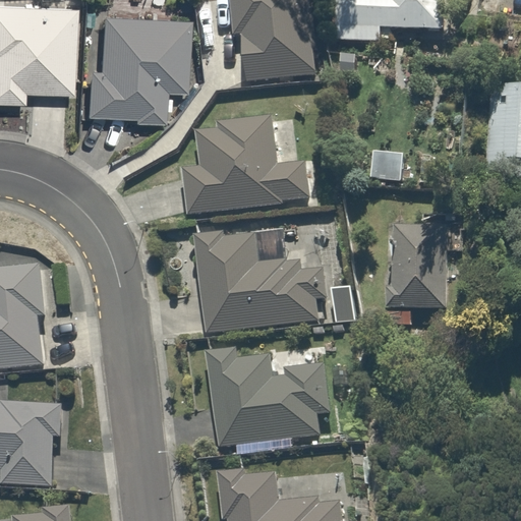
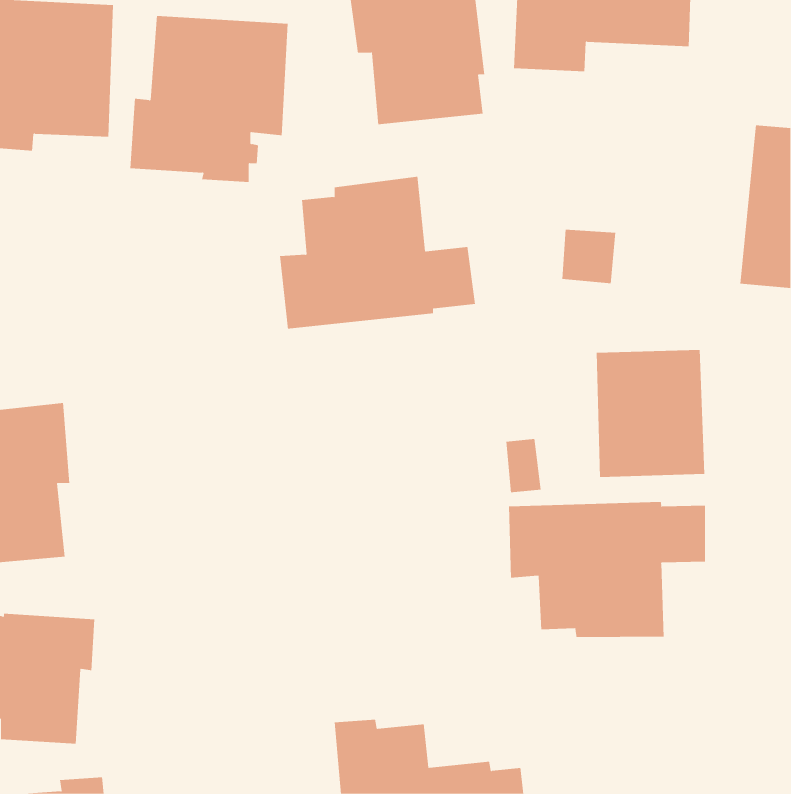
building: [195,228,327,332] -> none
building: none -> [508,501,706,638]
building: [206,348,331,447] -> none

